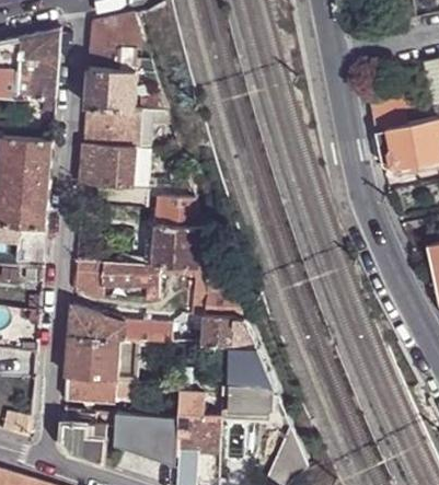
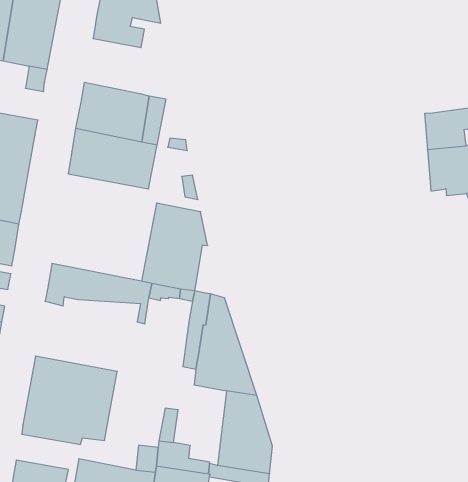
building: [85,69,136,111] -> none
building: [69,305,171,344] -> none

